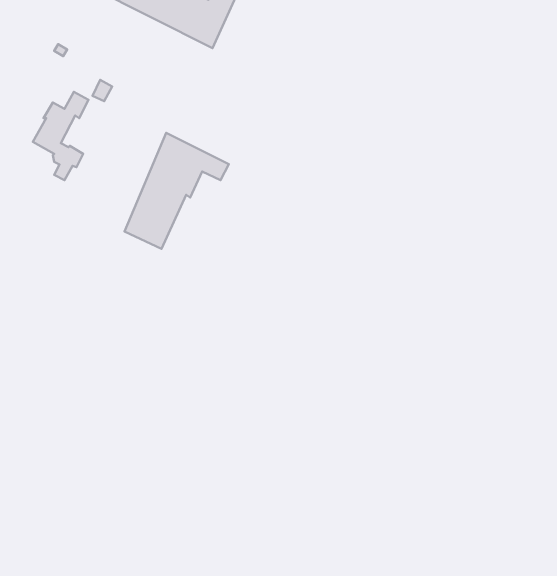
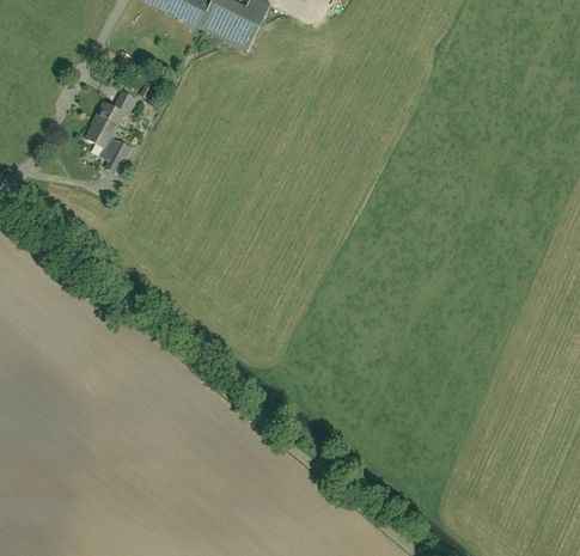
building: [124,133,229,249] -> none

